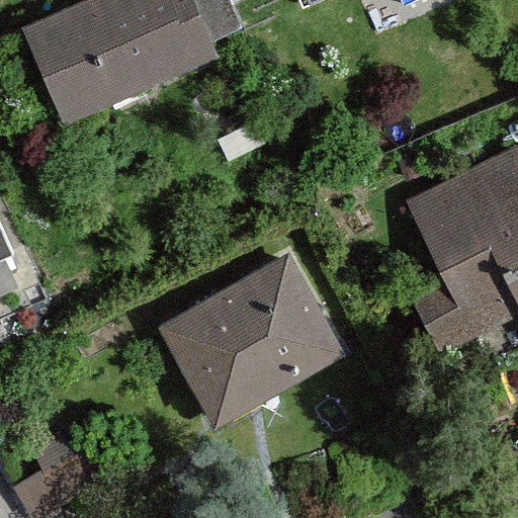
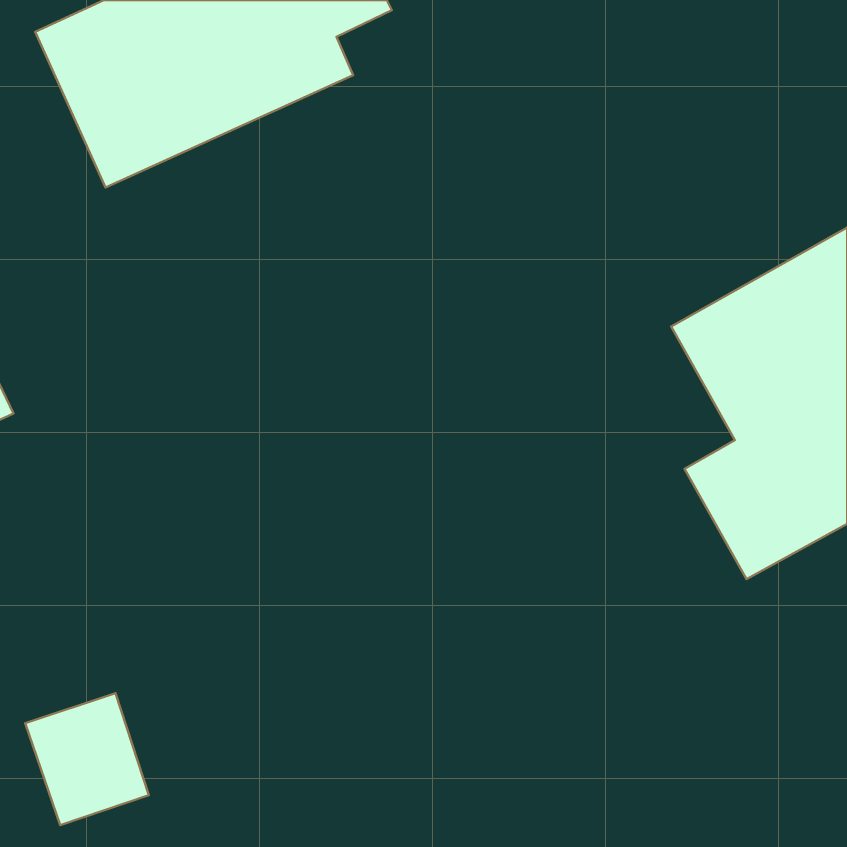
building: [163,256,348,431] -> none

